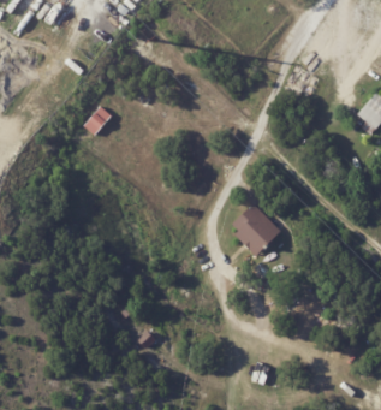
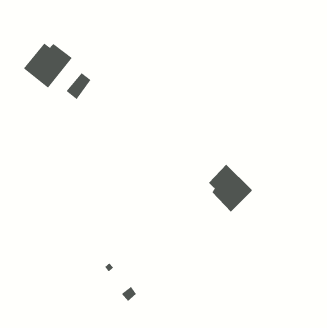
building: none -> [23,43,73,88]

